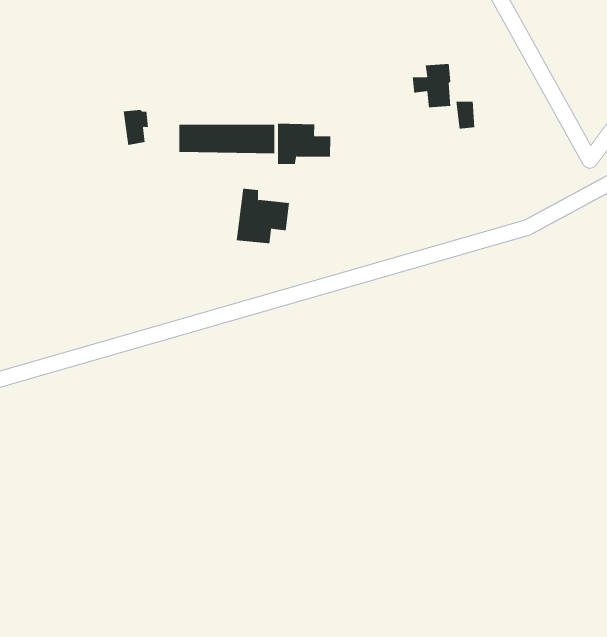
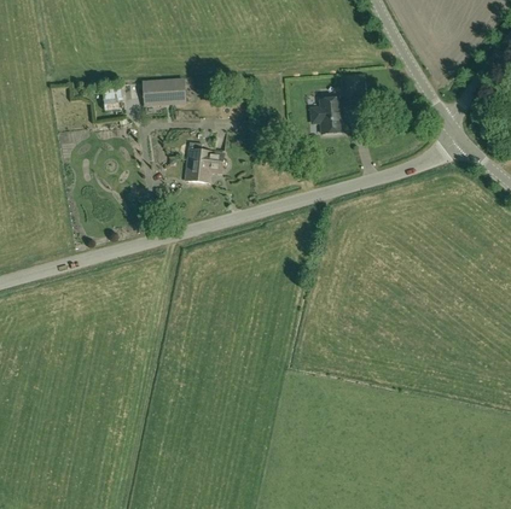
building: [412,64,451,108] -> [312,96,341,129]
building: [277,123,331,165] -> none

